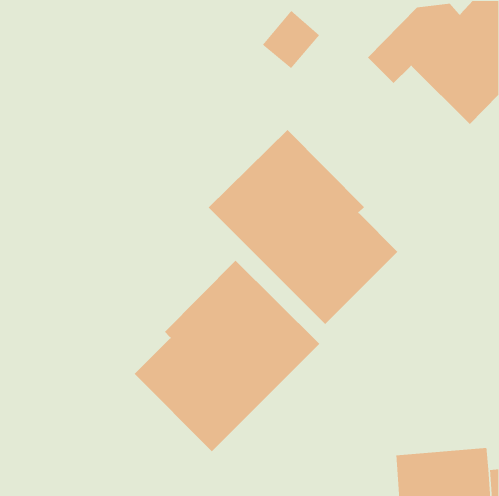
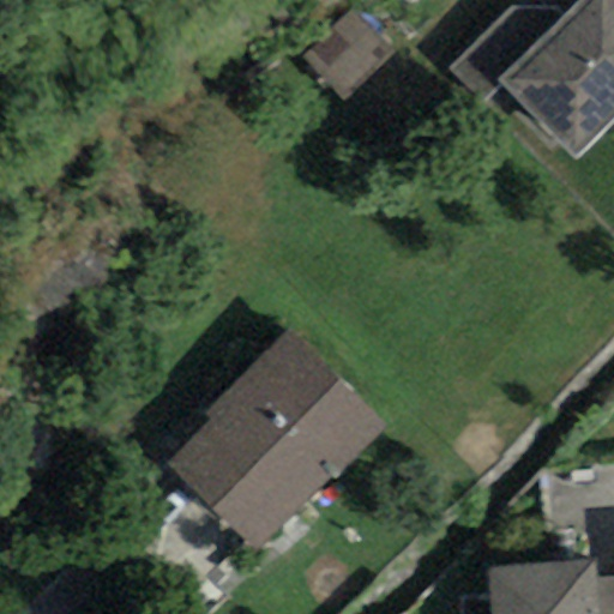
building: [208,129,398,325] -> none

